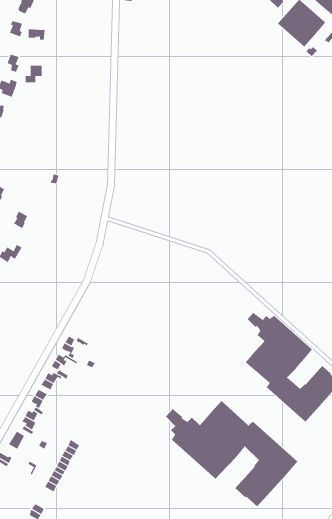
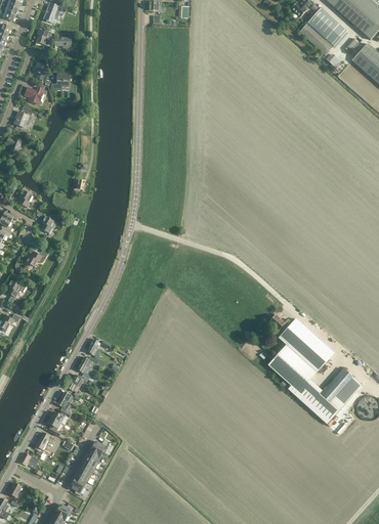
building: [165,400,298,507] -> none

